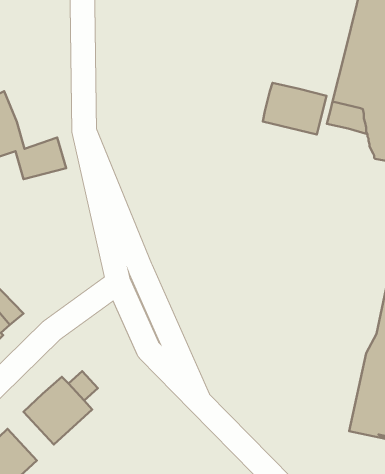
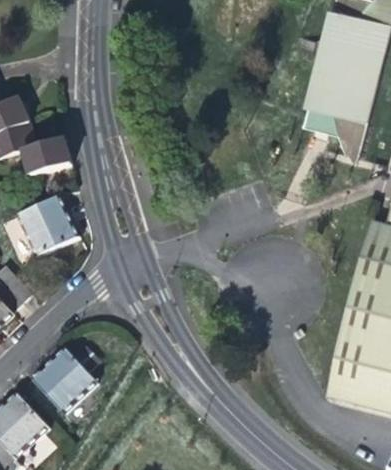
building: [263,83,326,135] -> none
building: none -> [18,195,80,257]

